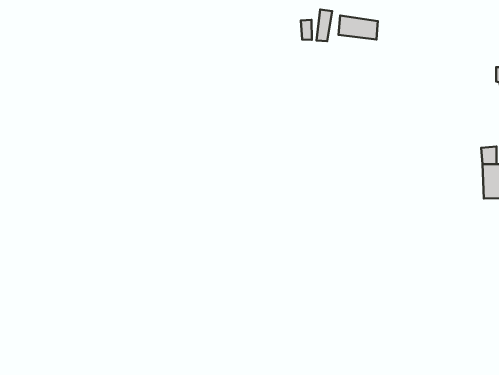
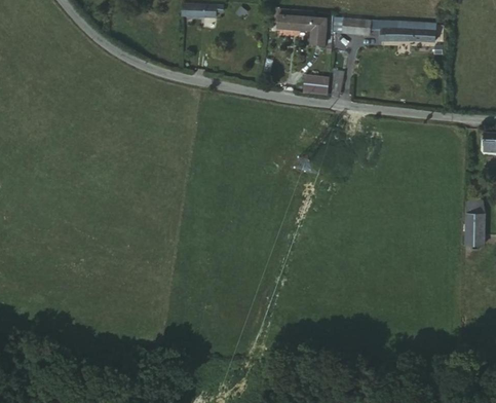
building: [338,15,378,39] -> none

